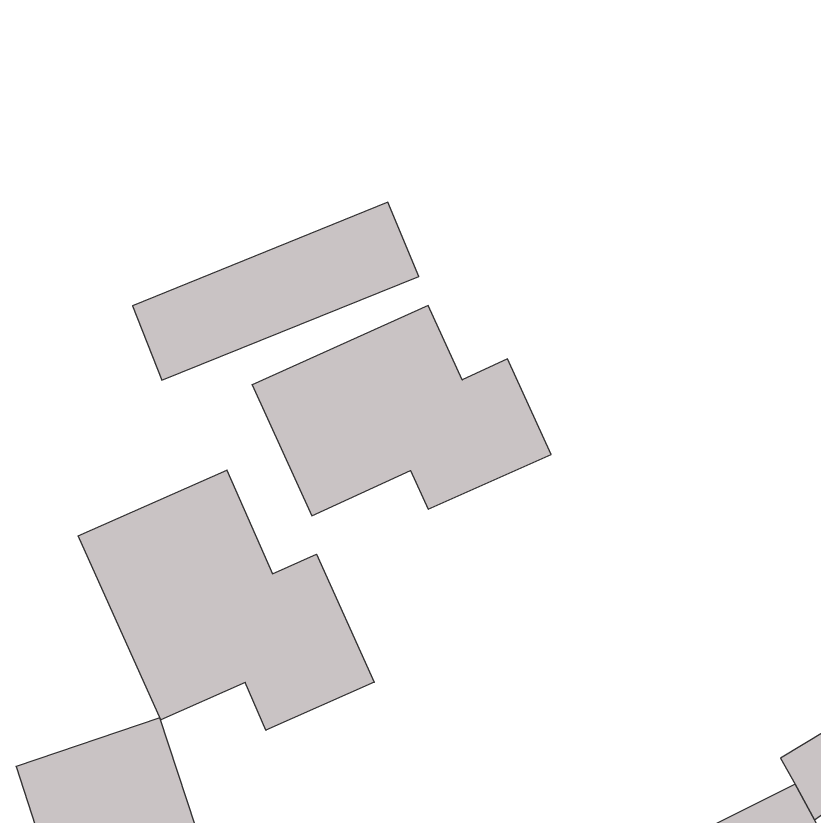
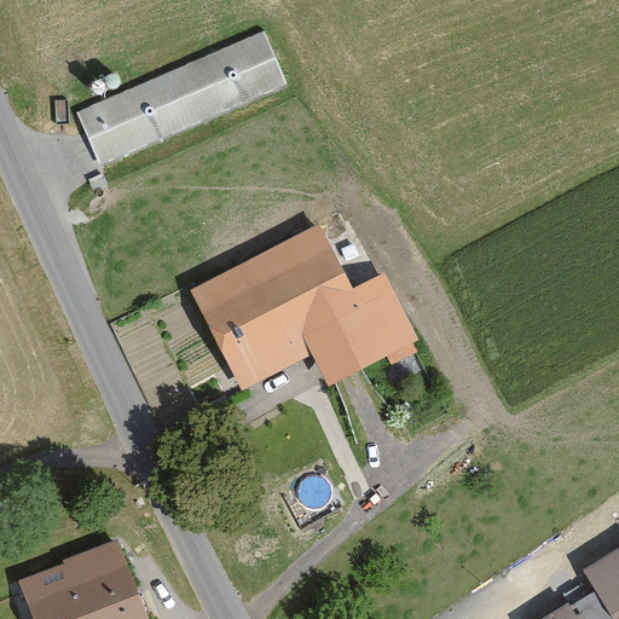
building: [133,202,419,380] -> [75,30,289,163]
building: [78,470,374,730] -> none

